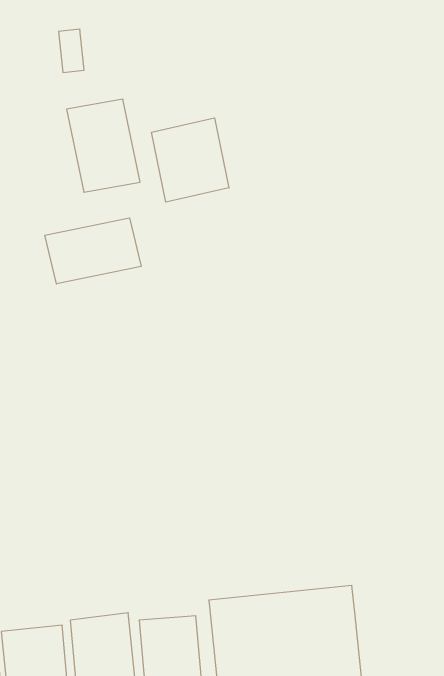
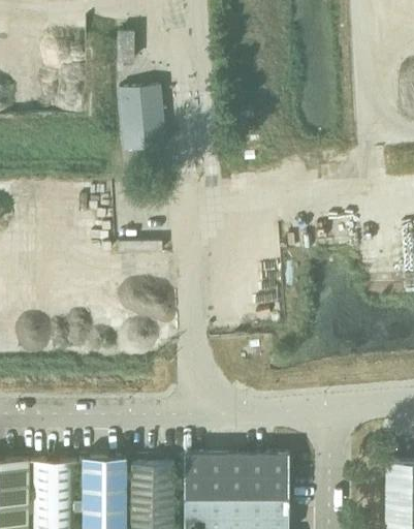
building: [152,118,229,202] -> none
building: [45,218,141,284] -> none

